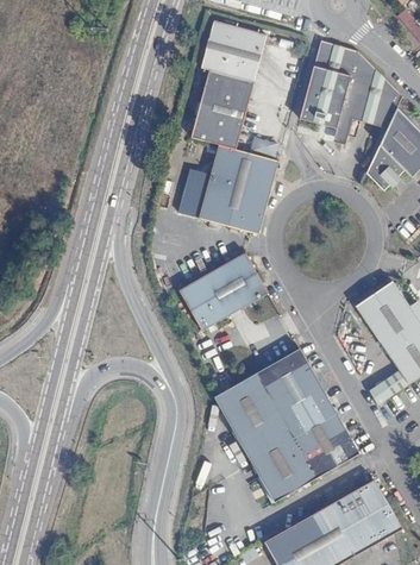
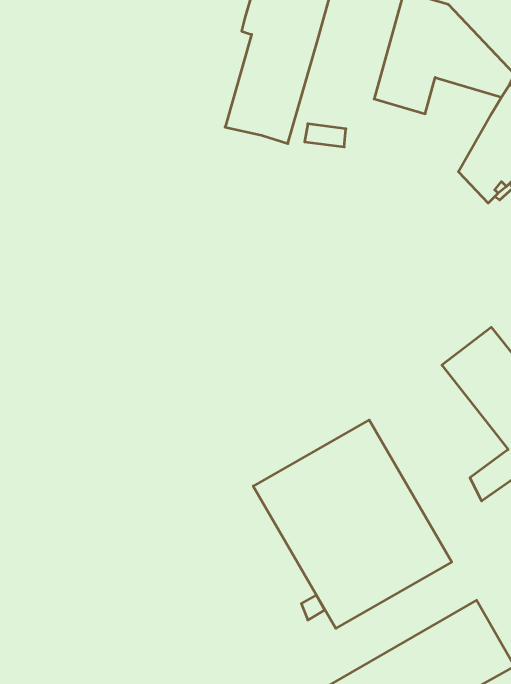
building: [334,102,393,145] -> none
building: [178,144,280,237] -> none
building: [177,249,267,327] -> none

